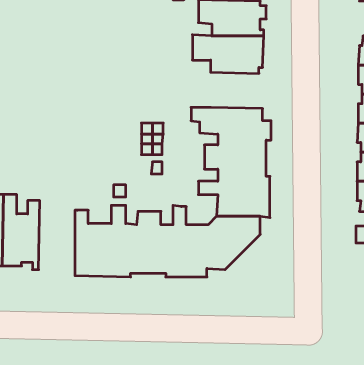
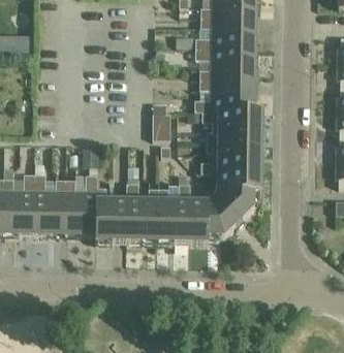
building: none -> [199,69,258,100]
building: none -> [64,174,97,237]

